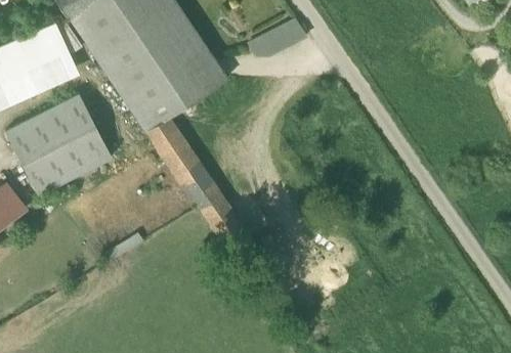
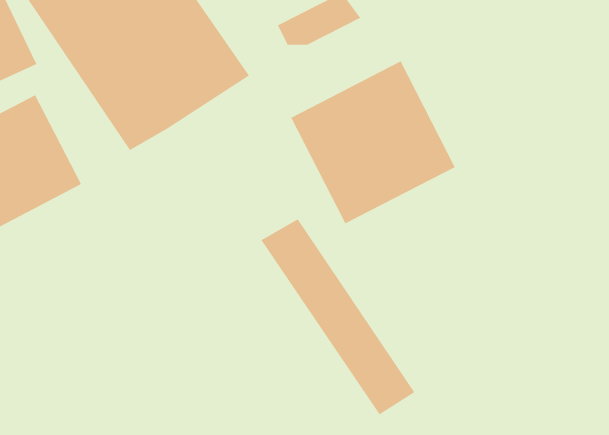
building: none -> [291,61,455,224]
building: [144,118,254,257] -> [260,218,415,415]

